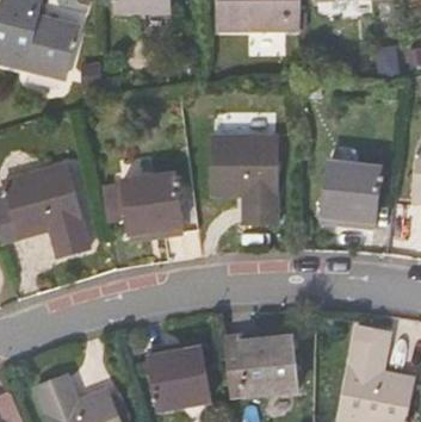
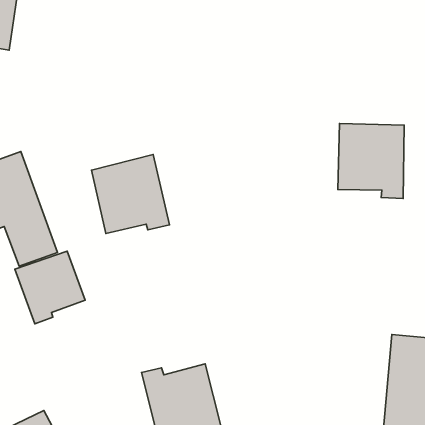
building: [209,137,275,224] -> none
building: none -> [15,251,85,324]
building: [239,336,298,398] -> none

